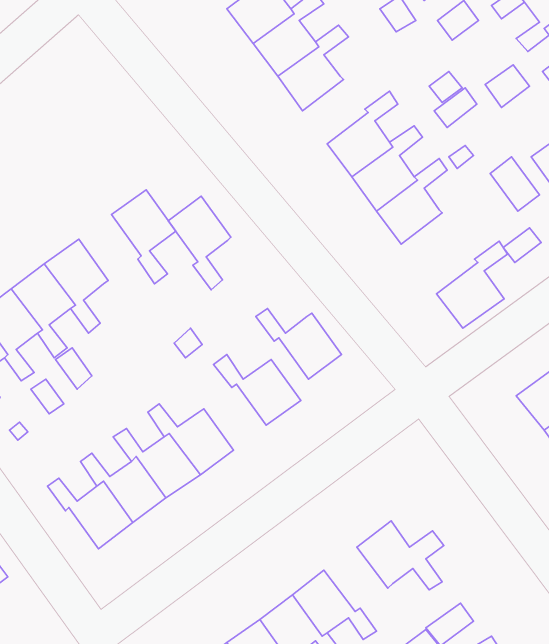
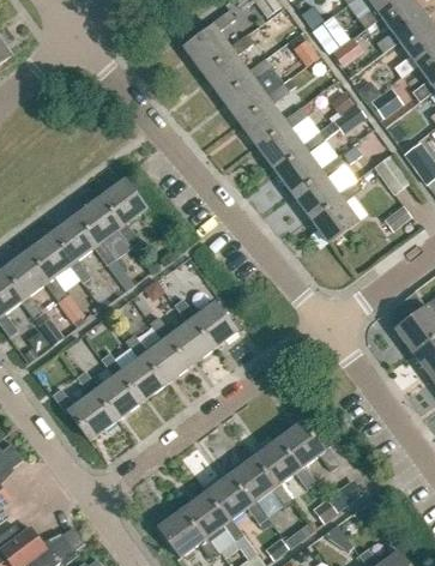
building: none -> [237,83,289,145]
building: [168,196,231,290] -> [74,197,120,265]
building: [437,241,507,328] -> [309,180,361,243]
building: [256,308,341,379] -> [149,317,211,368]
building: none -> [253,439,315,488]

